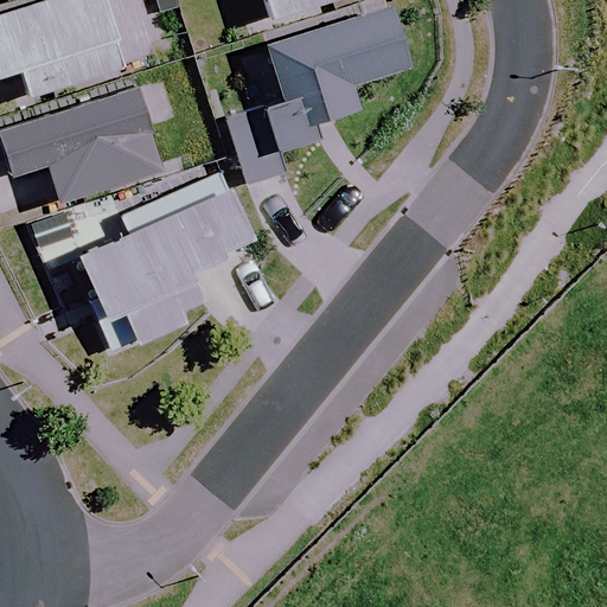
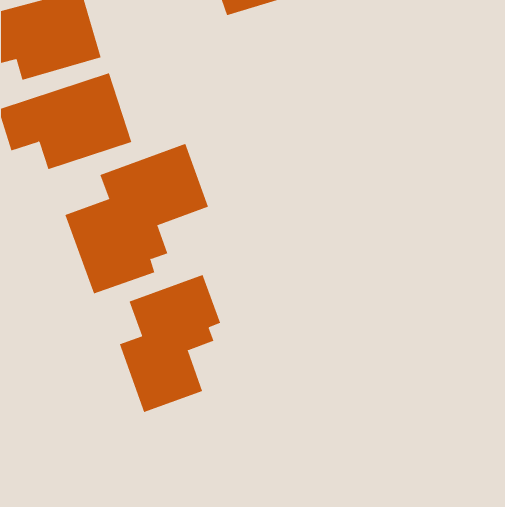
building: [226,8,410,189] -> none
building: none -> [119,274,221,413]

